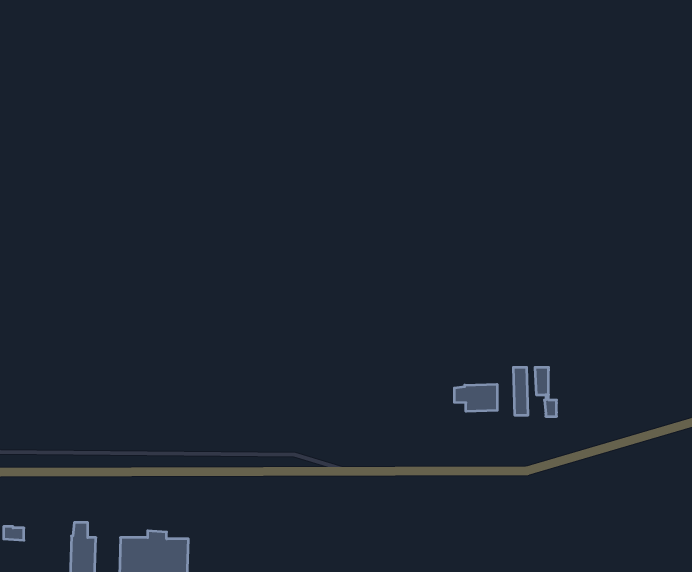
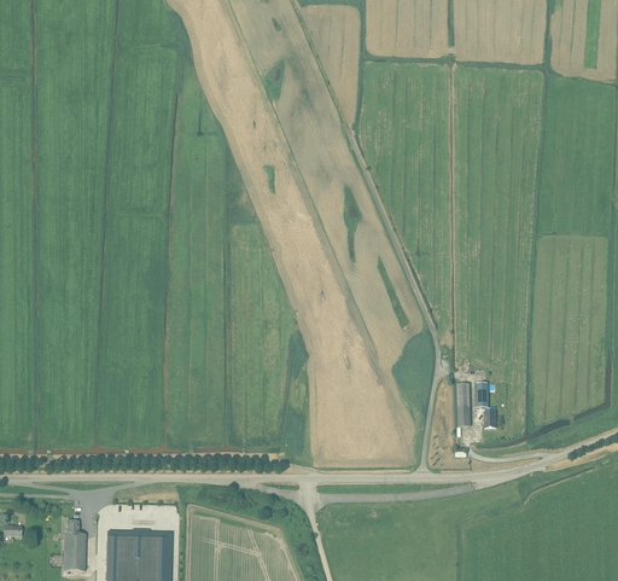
building: [454,384,497,411] -> none

